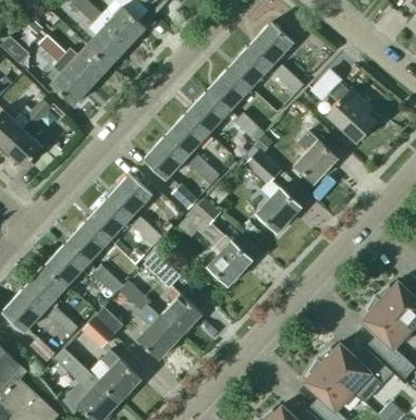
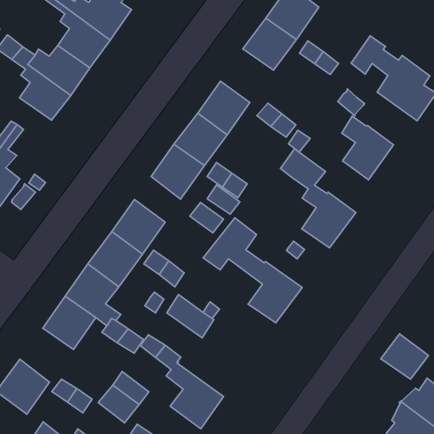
building: [208,69,250,111] -> none
building: [25,267,68,309] -> none
building: [147,289,201,337] -> none
building: none -> [381,334,428,379]

